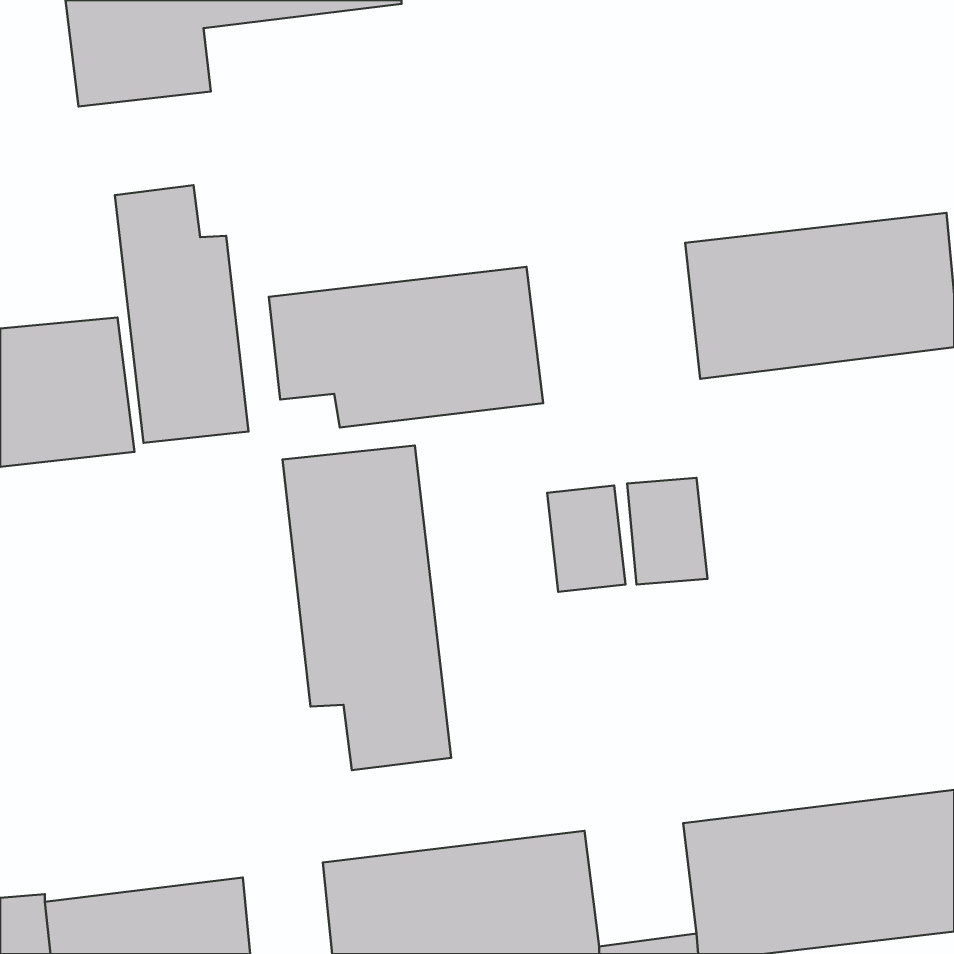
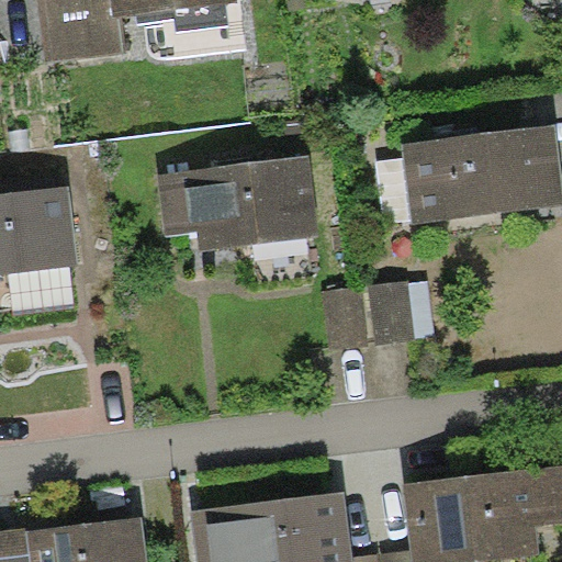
building: [115,185,248,443] -> none
building: [283,445,451,770] -> none

